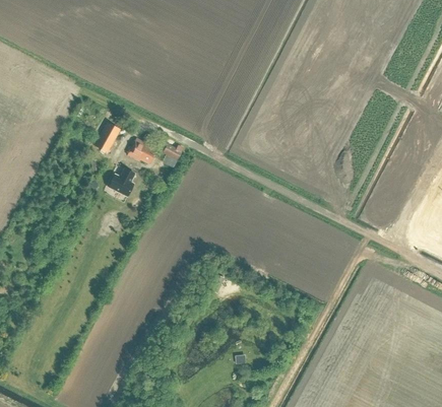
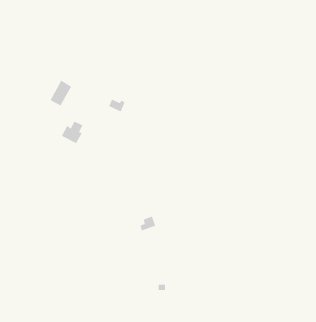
building: [129,140,157,165] -> none

